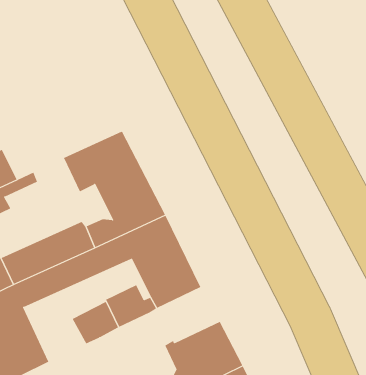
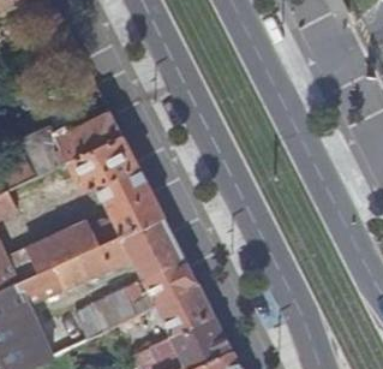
building: none -> [20,112,121,175]
building: none -> [155,285,215,338]

